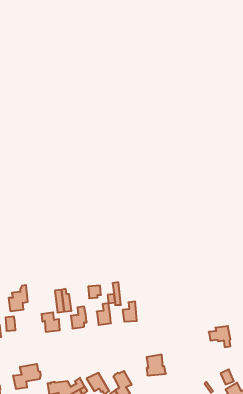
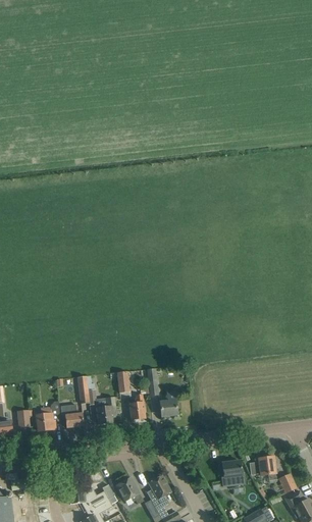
building: [9,285,28,311] -> [37,400,60,431]
building: [209,326,230,347] -> [250,457,276,482]
building: [147,355,166,375] -> [222,461,246,486]
building: [13,364,41,389] -> none

